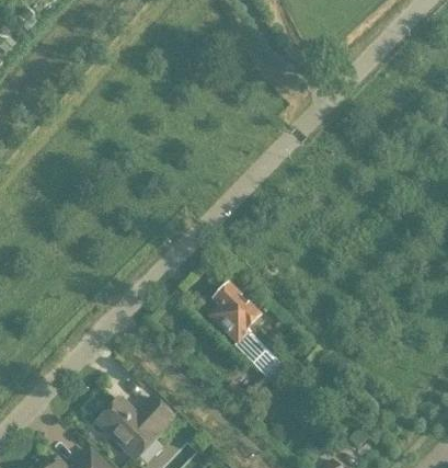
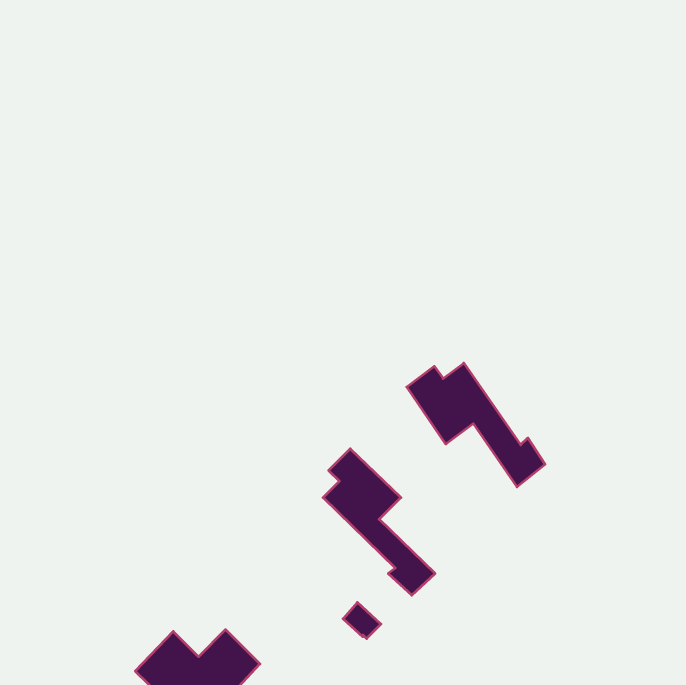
building: none -> [407,363,545,487]

